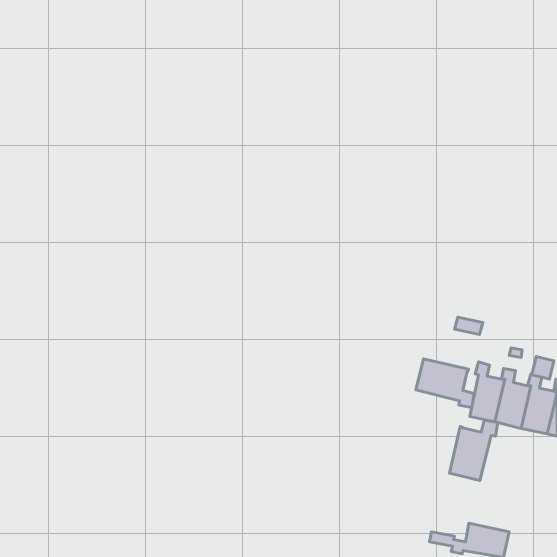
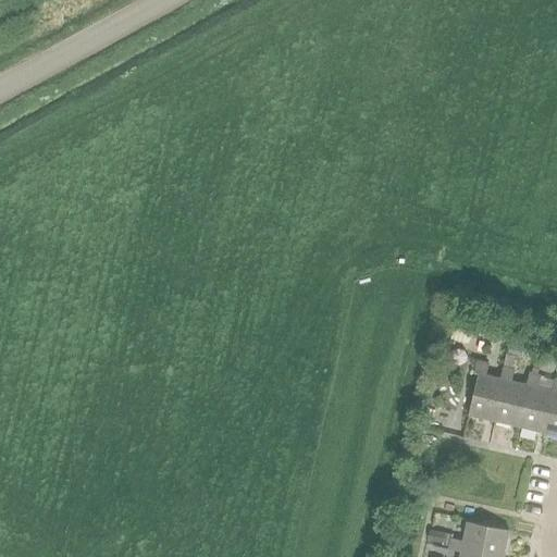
building: [416,359,474,407] -> none
building: [449,420,498,481] -> none

